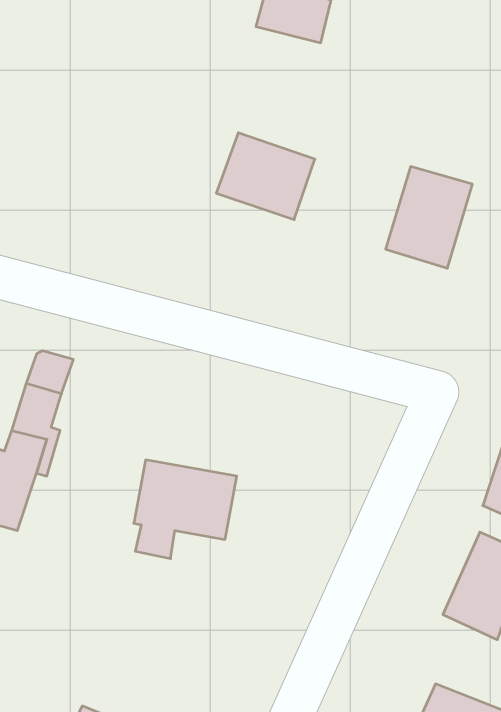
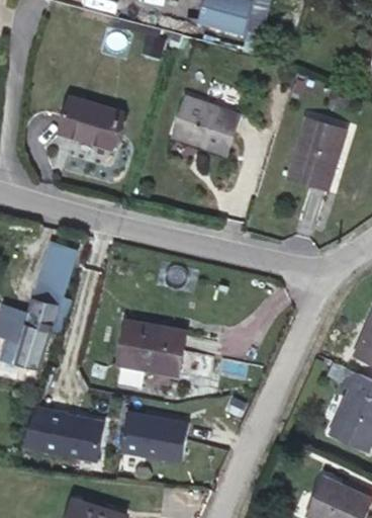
building: none -> [63,94,126,142]
building: none -> [39,412,103,463]
building: none -> [117,414,187,465]

